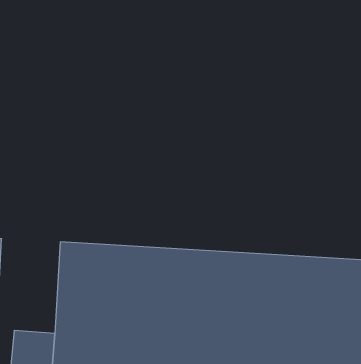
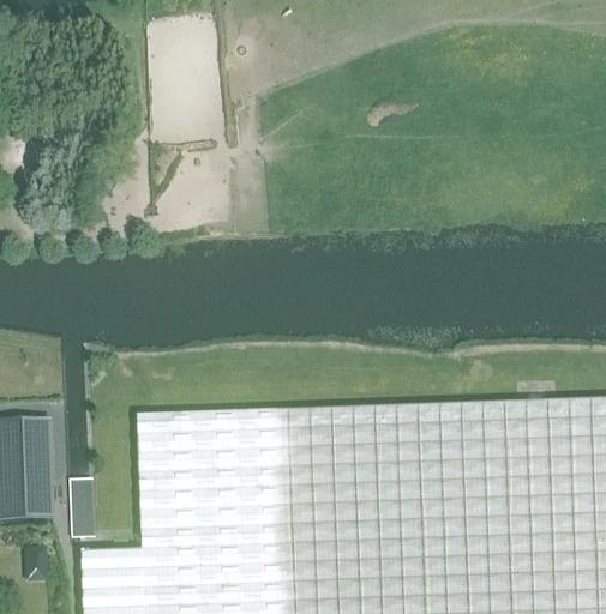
building: none -> [71,482,94,537]

